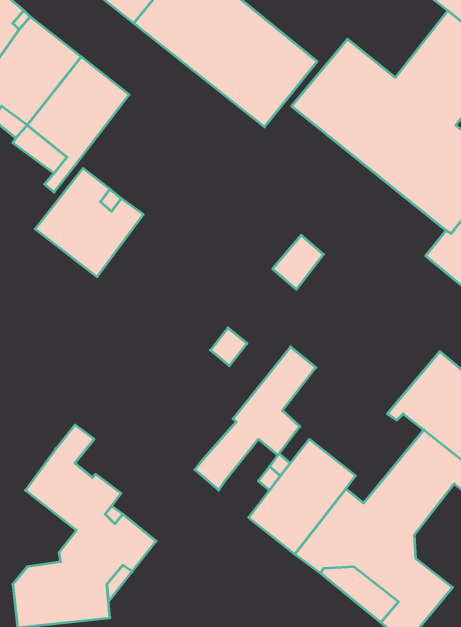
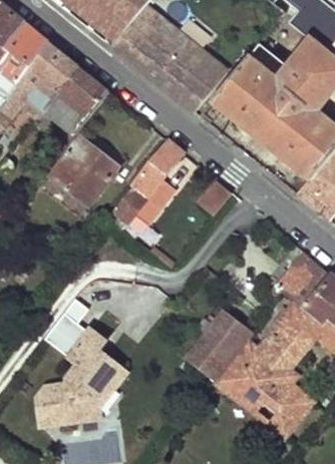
building: [195,347,316,490] -> [108,138,185,228]

